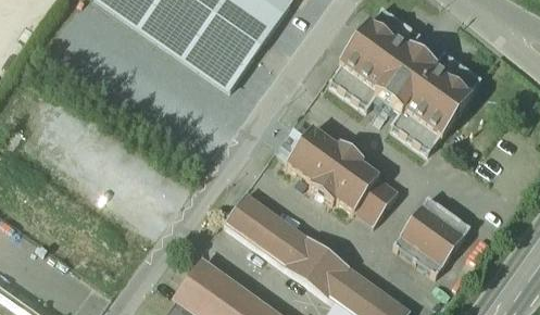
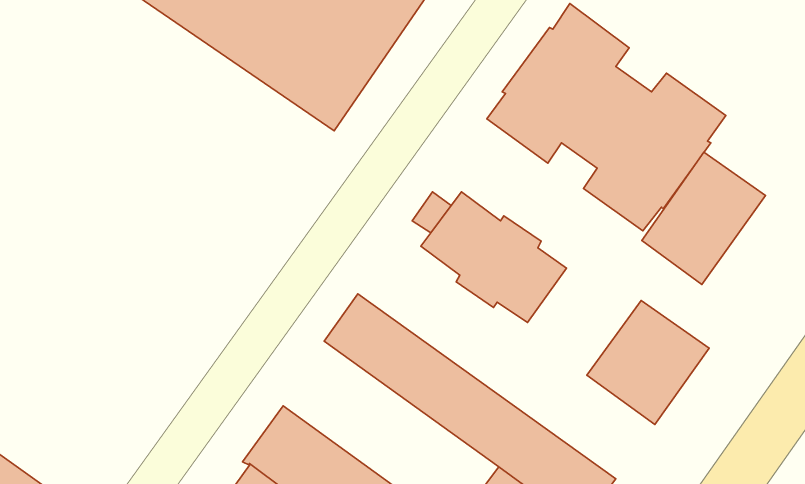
building: none -> [642,152,766,284]
building: [354,176,399,225] -> none

